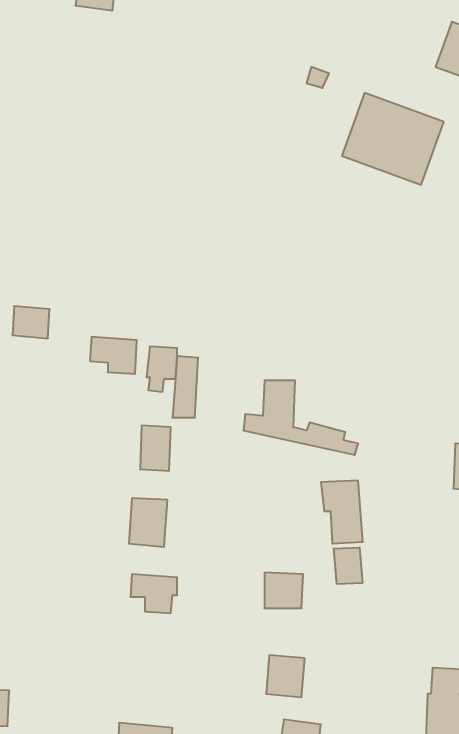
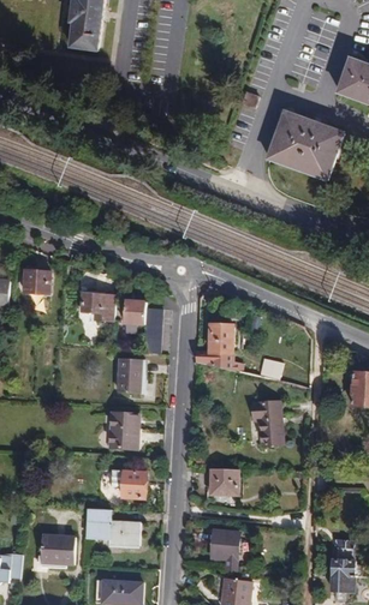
building: [334,547,362,584] -> none
building: none -> [84,509,139,546]
building: none -> [41,534,75,564]

